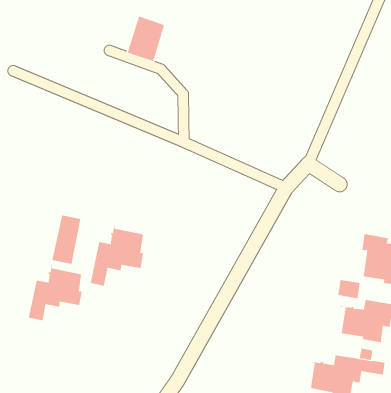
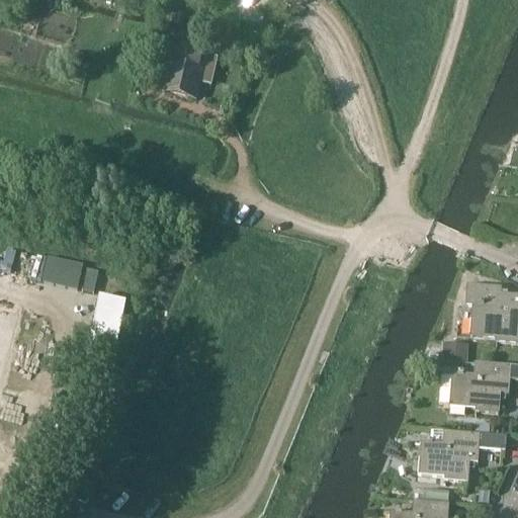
building: none -> [47,252,102,288]
building: [90,224,148,286] -> none
building: [28,264,86,321] -> none

